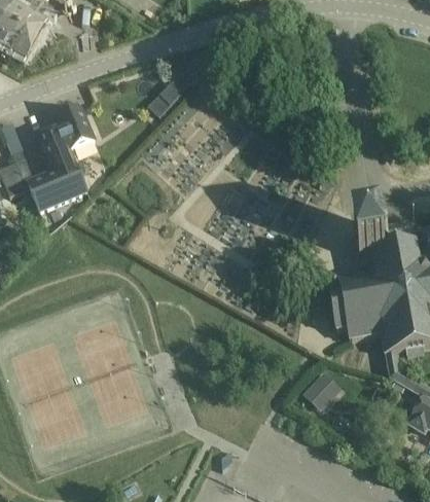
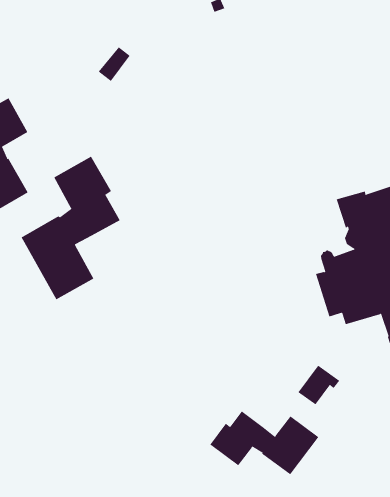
building: none -> [21,156,120,300]
building: none -> [210,410,319,475]

